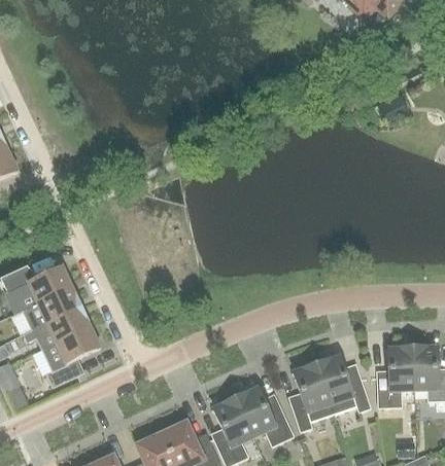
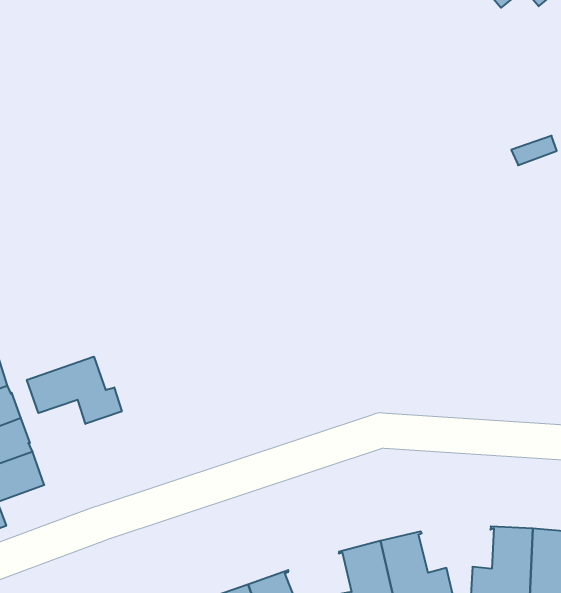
building: none -> [27,357,122,424]

